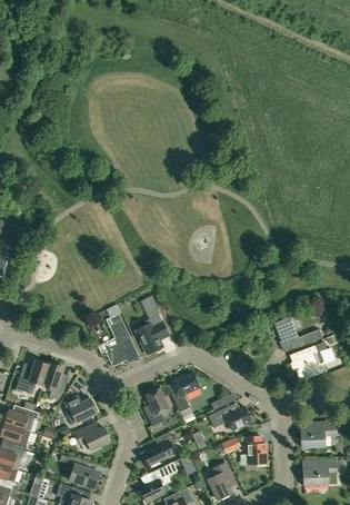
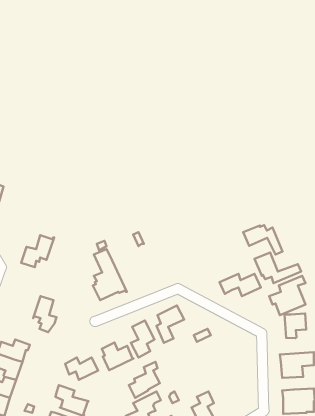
building: none -> [243,225,283,254]
building: [136,315,169,355] -> none
building: [16,360,50,394] -> [21,235,54,267]
building: none -> [284,313,306,338]
building: [63,396,97,425] -> [102,343,134,370]
building: [208,407,251,430] -> [219,274,261,296]
building: [246,436,267,465] -> none

